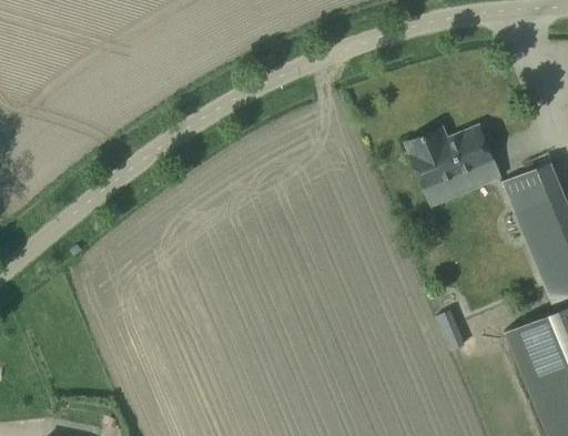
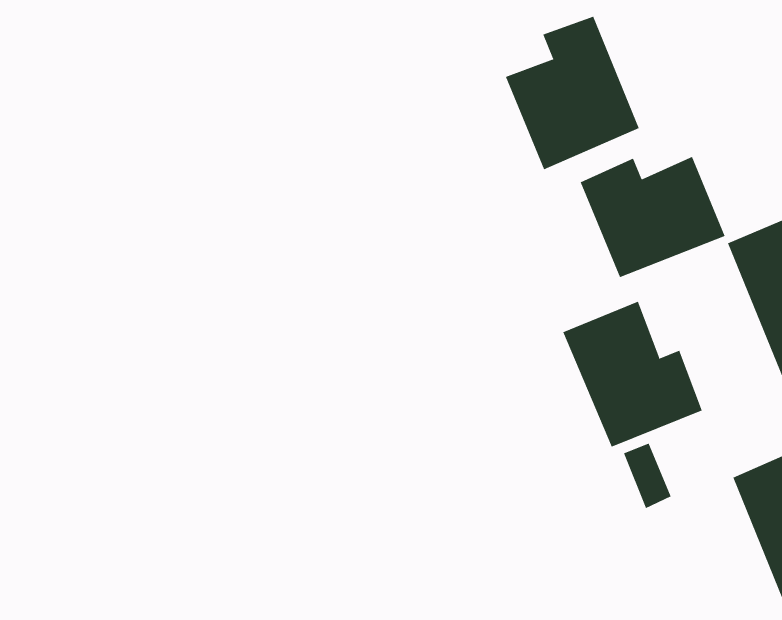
building: none -> [505,16,639,170]
building: none -> [562,301,702,447]

